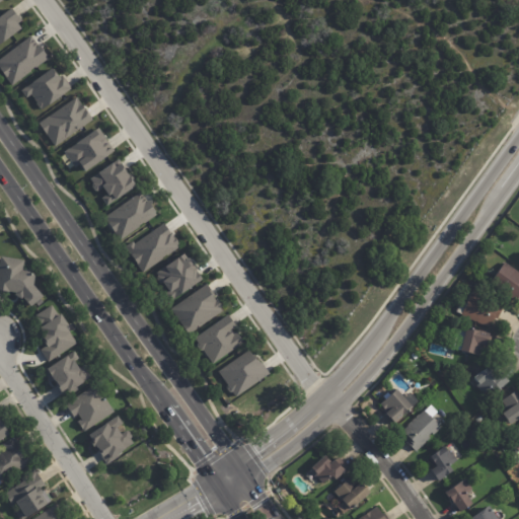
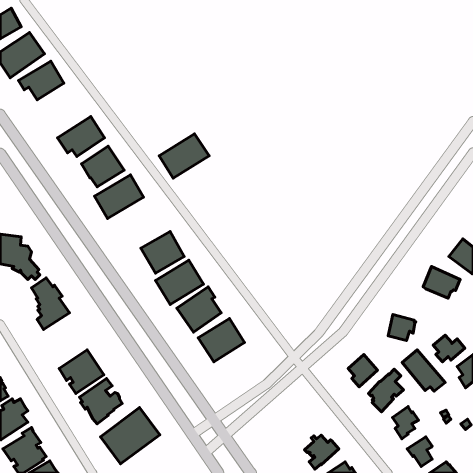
building: [39,96,93,146] -> none
building: [126,223,180,272] -> [159,134,209,178]
building: [462,327,493,356] -> [388,315,416,340]
building: [44,350,90,397] -> none
building: none -> [402,350,445,391]
building: none -> [100,408,160,464]
building: [311,456,348,485] -> none

